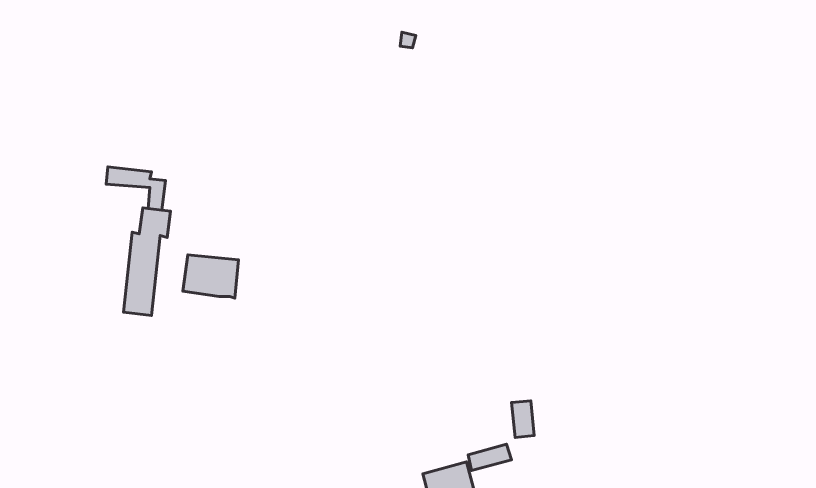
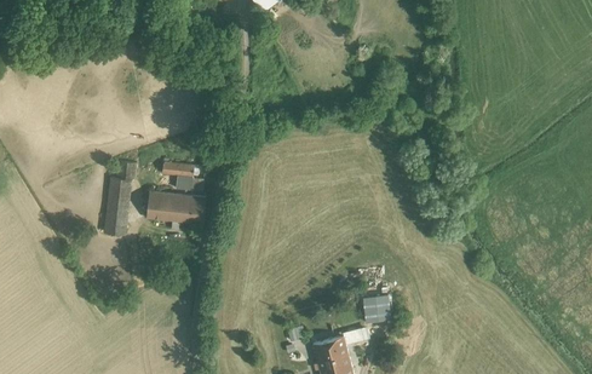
building: [106,167,165,210] -> [162,162,203,192]
building: none -> [182,196,205,224]

